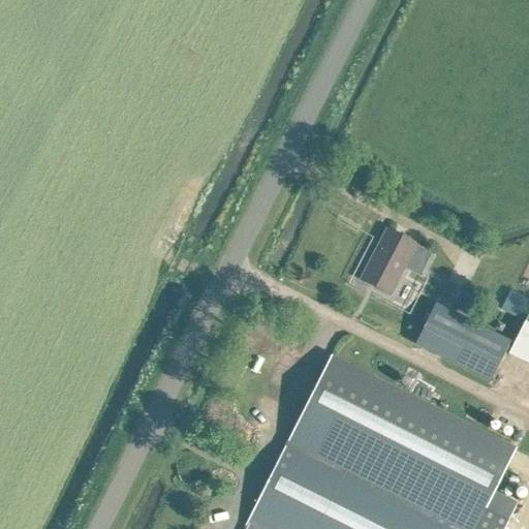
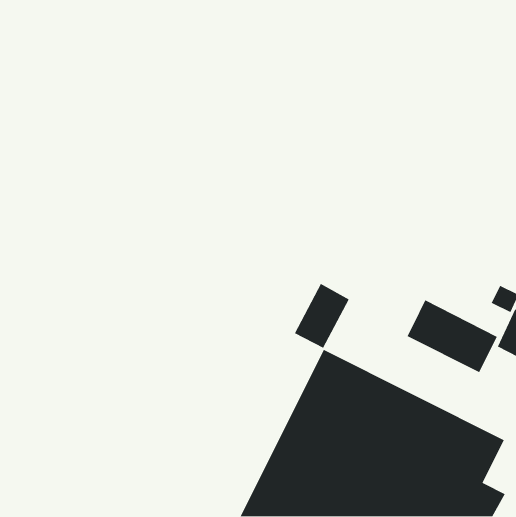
building: [361,227,417,294] -> [294,283,350,349]

